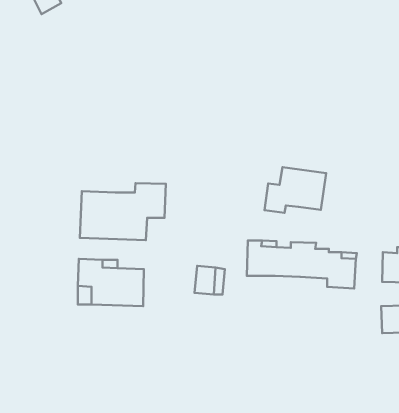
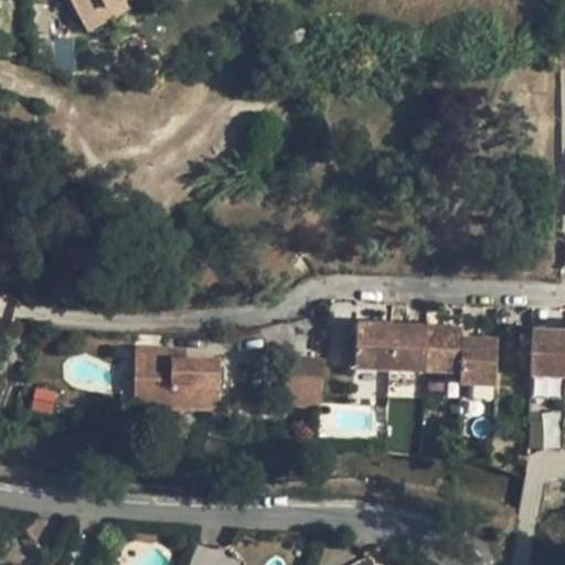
building: [264,167,326,213] -> none
building: [80,183,166,240] -> none

